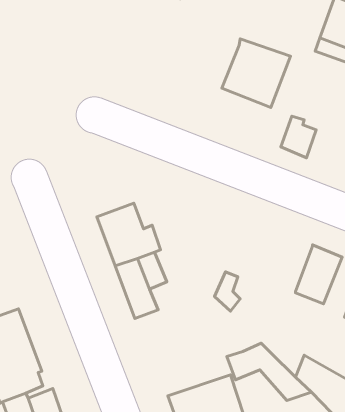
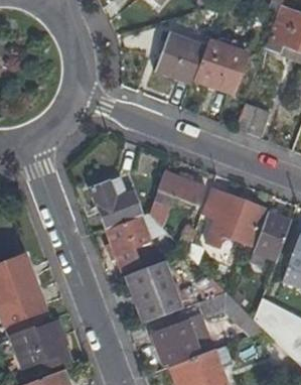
building: none -> [155,28,206,85]
building: none -> [148,168,207,224]
building: none -> [210,194,267,246]
building: none -> [126,258,177,318]

